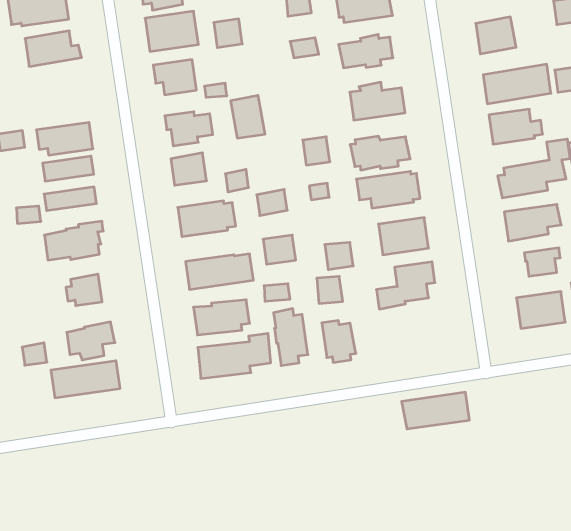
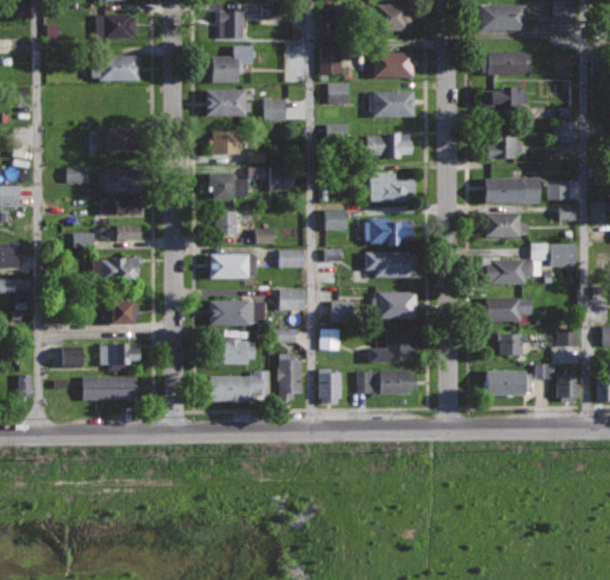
building: [25,31,82,66] -> [96,127,142,153]
building: [402,392,469,429] -> [357,369,412,393]

